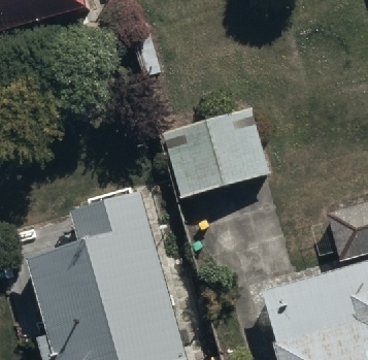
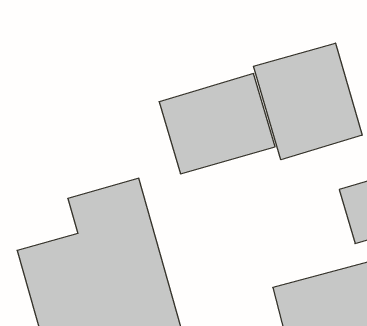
building: none -> [254,43,362,160]

